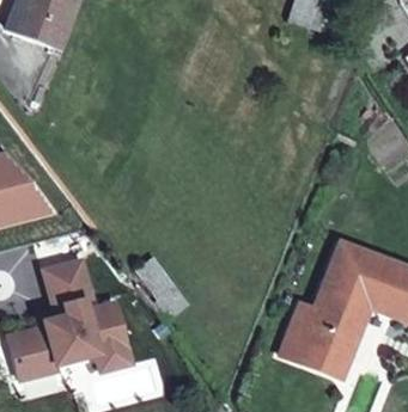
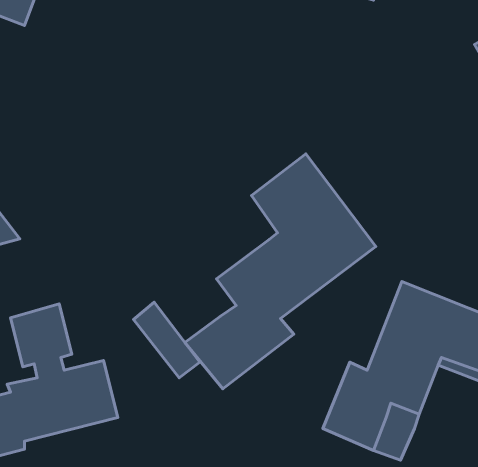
building: none -> [185,154,376,389]

